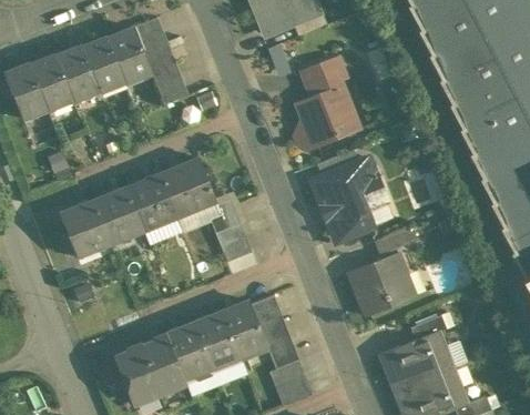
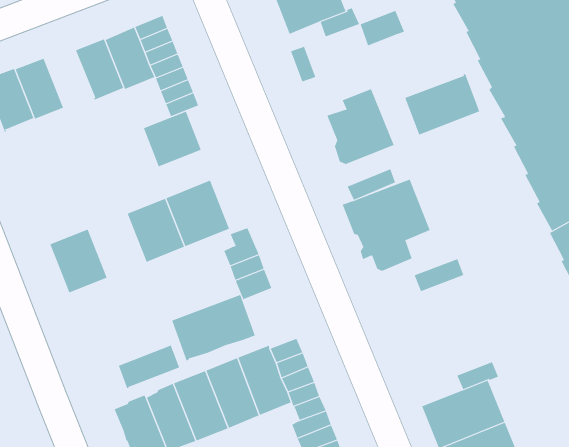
building: [55,44,99,99] -> none
building: [305,59,344,90] -> [360,10,405,46]
building: none -> [404,73,480,136]
building: none -> [143,111,201,167]
building: [93,188,143,243] -> none
building: [348,253,415,316] -> none
building: none -> [171,294,255,362]
building: none -> [118,344,180,389]

